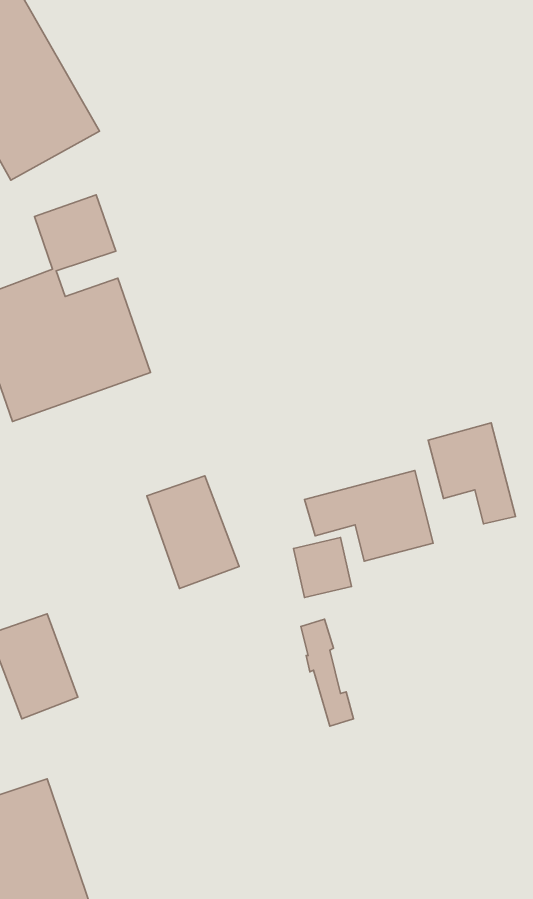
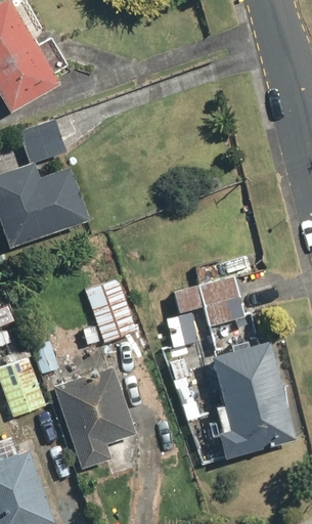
building: [428,423,516,524] -> none
building: none -> [211,342,297,460]
building: none -> [54,366,135,468]

